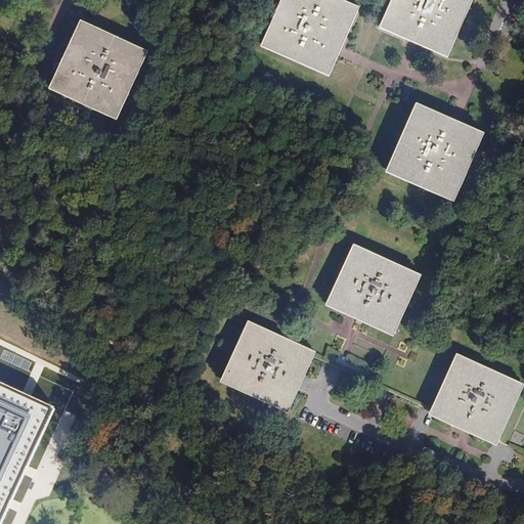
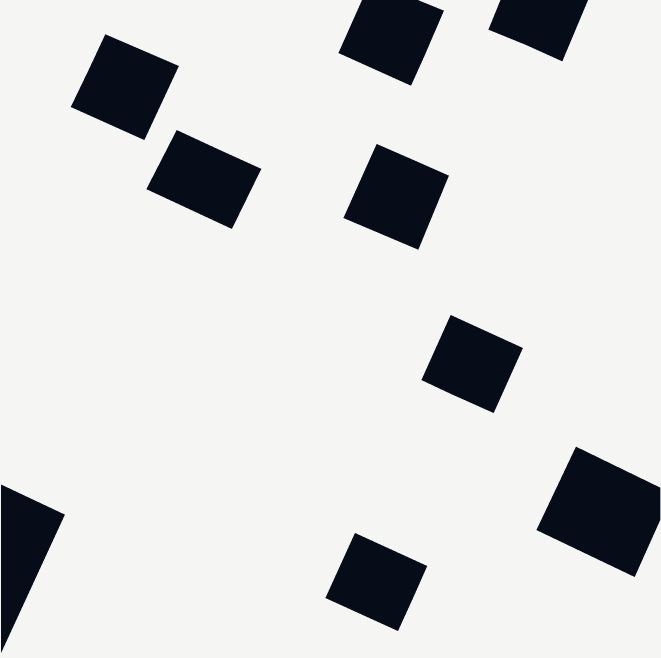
building: none -> [145,129,262,230]
building: [392,108,477,193] -> [343,143,450,251]
building: [227,325,309,404] -> [325,532,428,632]

